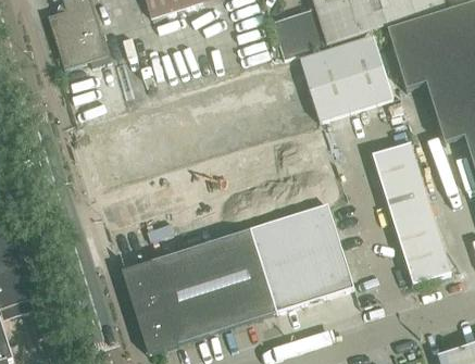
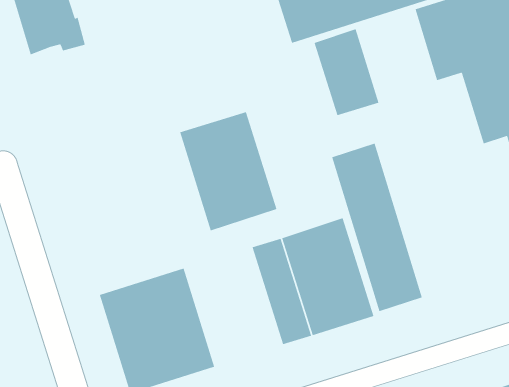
building: [339,35,393,109] -> none
building: [374,141,451,284] -> [331,143,423,312]
building: [195,229,277,330] -> [179,111,278,231]

